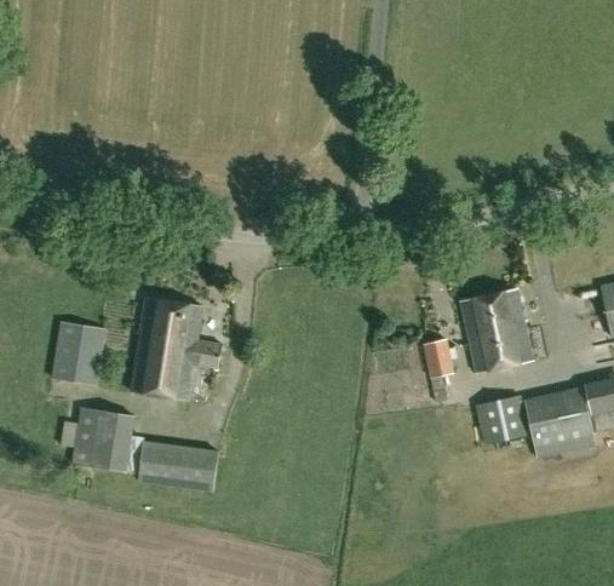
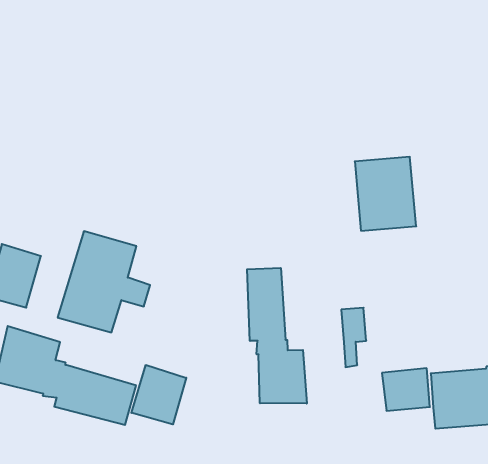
building: [460,288,533,372] -> [355,157,416,231]
building: none -> [247,268,307,404]
building: none -> [131,365,186,424]

